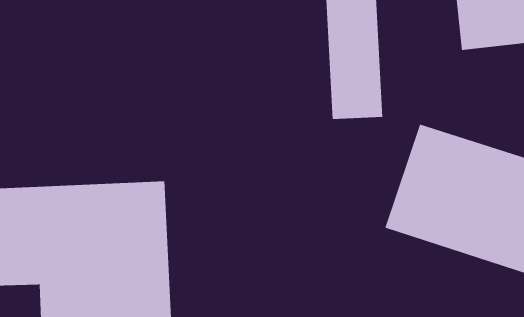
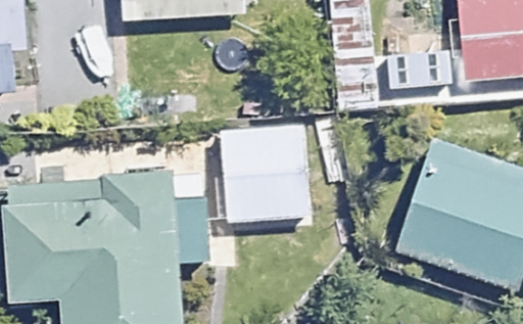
building: none -> [226,128,313,216]

